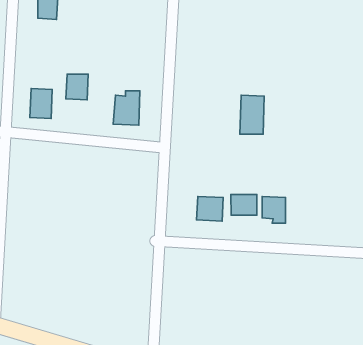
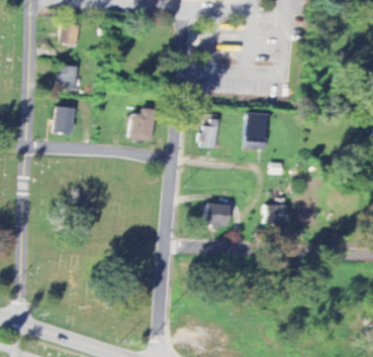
building: [66,74,88,100] -> [57,66,77,89]
building: none -> [200,118,218,148]
building: [231,194,257,215] -> none

